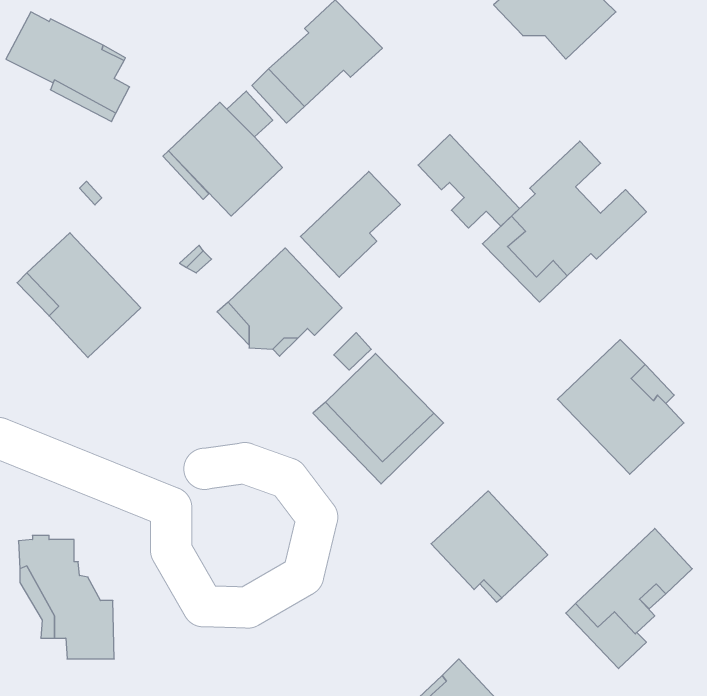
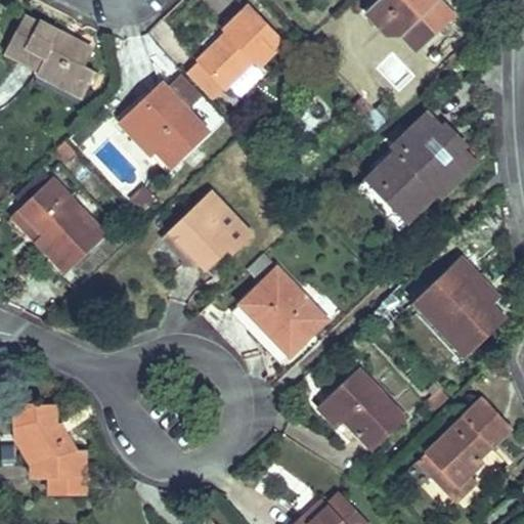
building: [418,135,520,228] -> none
building: none -> [425,125,465,165]
building: [300,171,400,277] -> none

